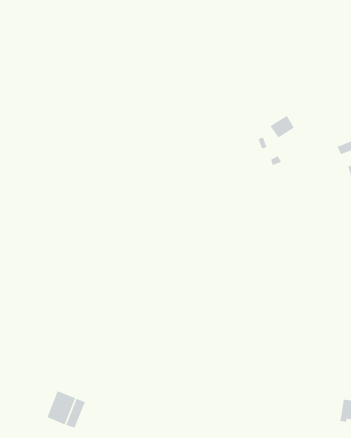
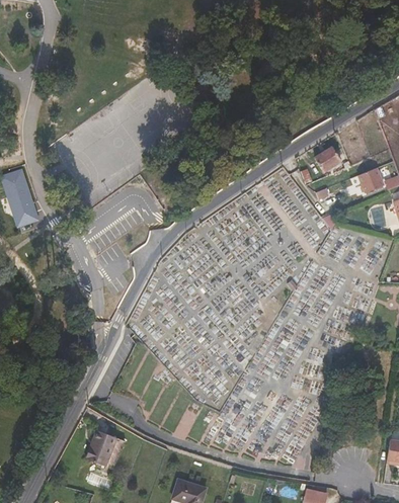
building: none -> [357,168,383,193]

